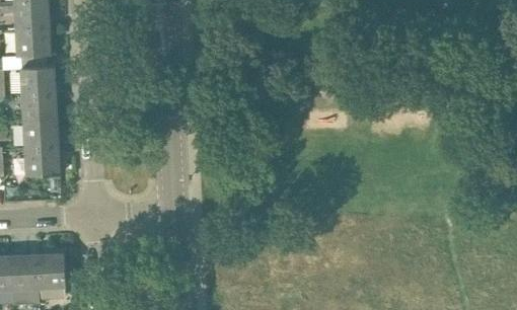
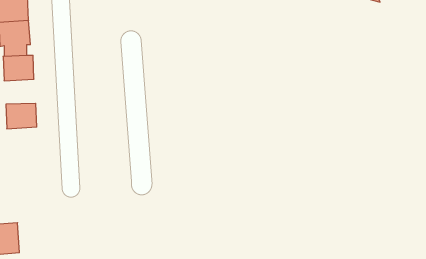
building: [21,94,57,123] -> none
building: [24,148,60,176] -> none
building: [36,254,66,289] -> none

